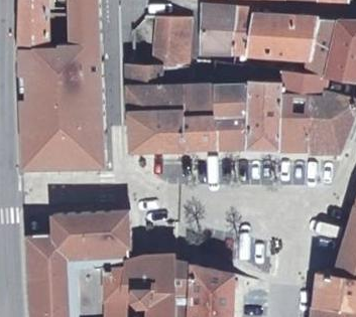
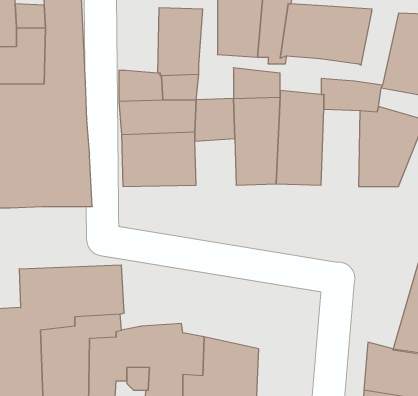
building: [306,20,339,75] -> none
building: [280,94,310,152] -> none
building: [185,116,216,151] -> none

